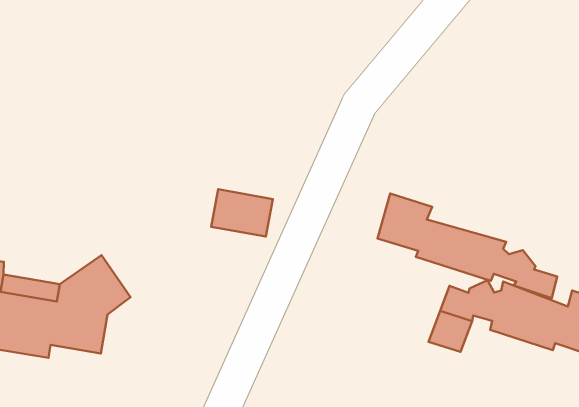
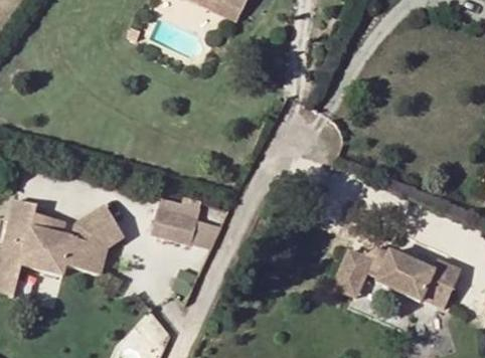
building: [211,189,273,237] -> [153,209,198,245]
building: [378,193,557,298] -> none

